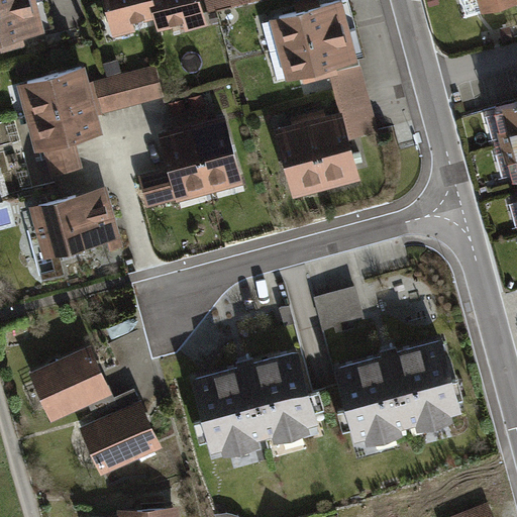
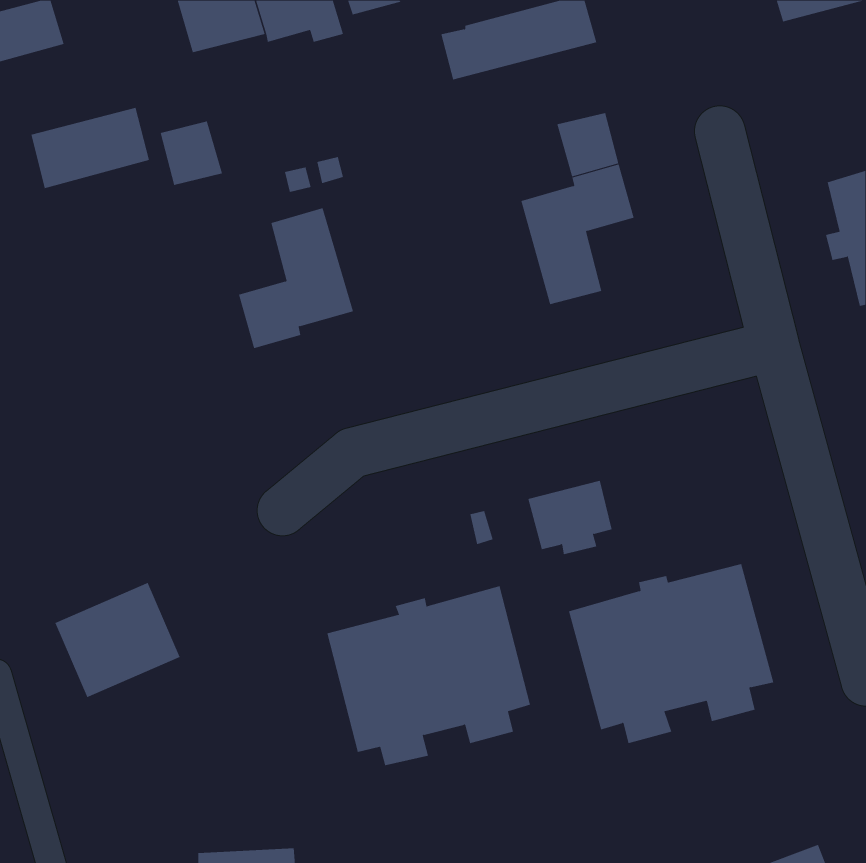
building: [269,29,363,79] -> none
building: [123,68,162,107] -> none
building: [26,99,98,175] -> none
building: [192,118,241,189] -> none
building: [278,123,326,194] -> none
building: [35,189,119,281] -> none
building: [83,403,158,472] -> none

